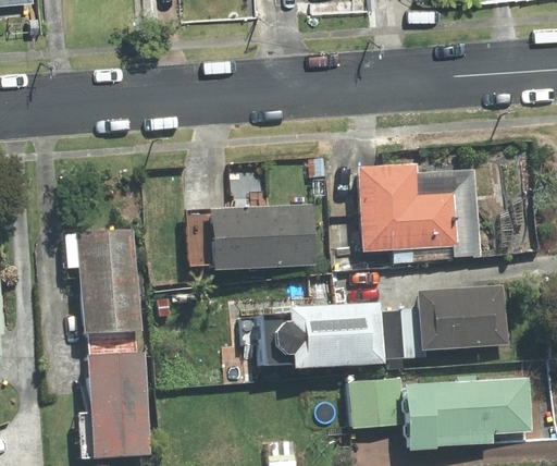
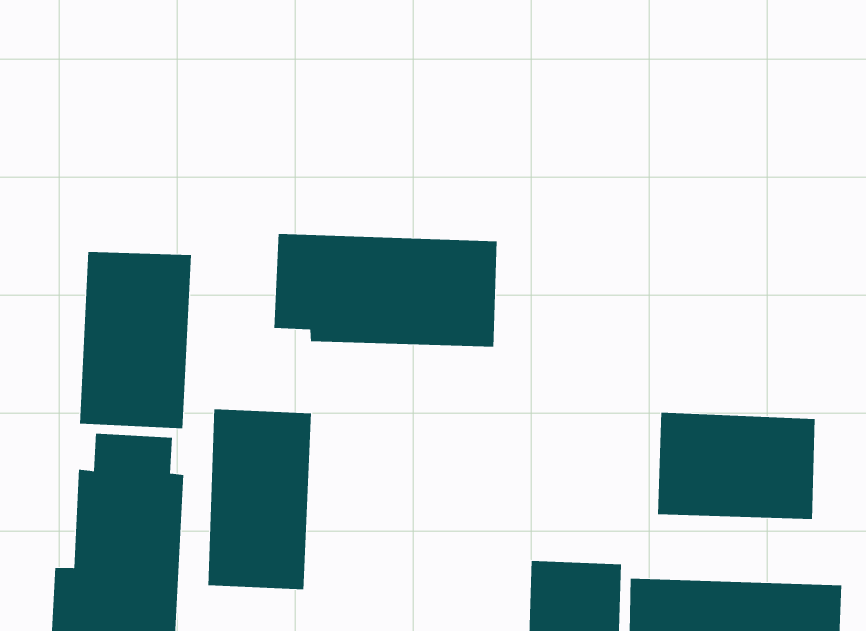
building: [352,168,482,263] -> none
building: [255,304,400,369] -> none
building: none -> [208,408,311,590]

